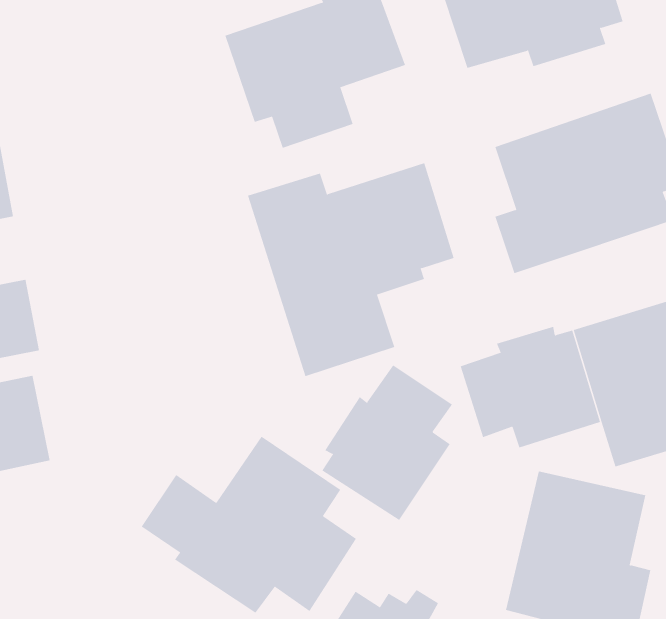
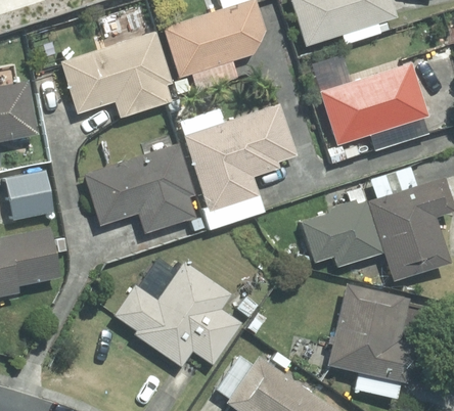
building: none -> [60,30,172,118]
building: none -> [83,143,196,233]
building: [322,364,453,521] -> none

